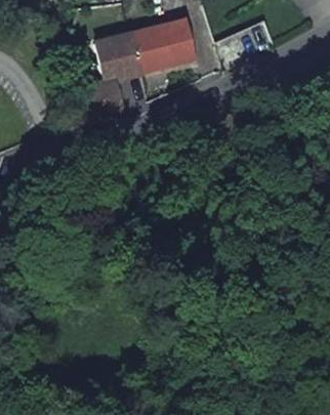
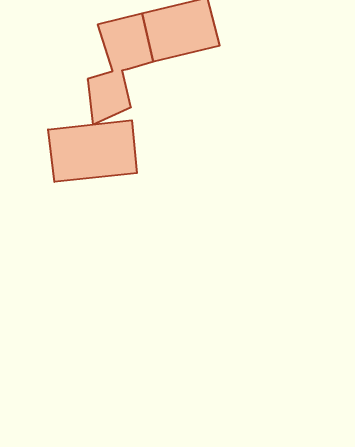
building: none -> [48,120,137,182]

